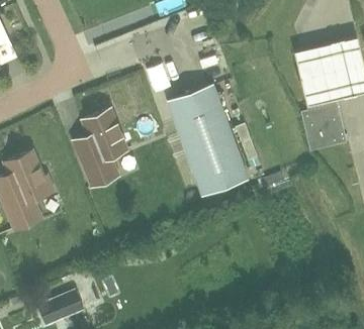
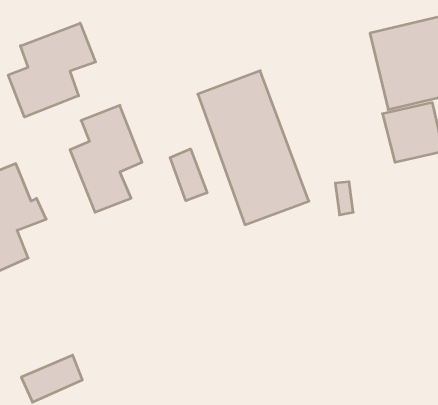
building: none -> [8,23,96,117]
building: none -> [170,149,207,201]

